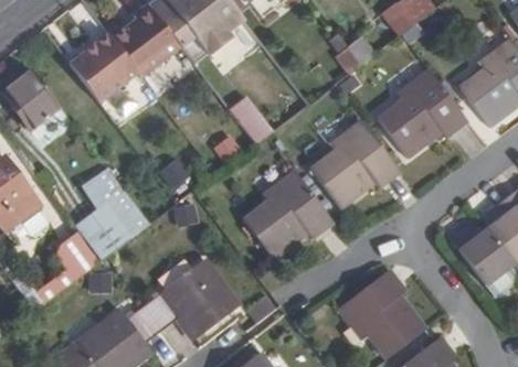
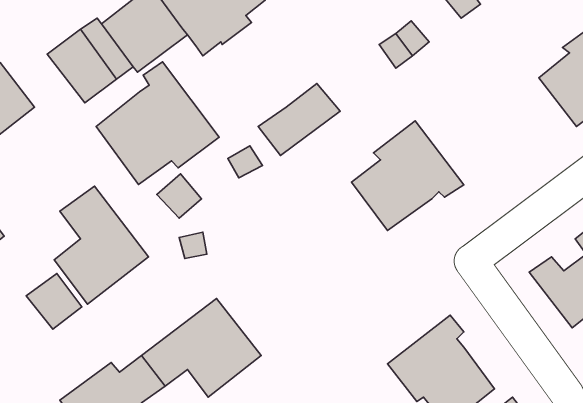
building: [378,67,467,153] -> none
building: none -> [96,62,219,184]
building: [246,168,335,255] -> none

